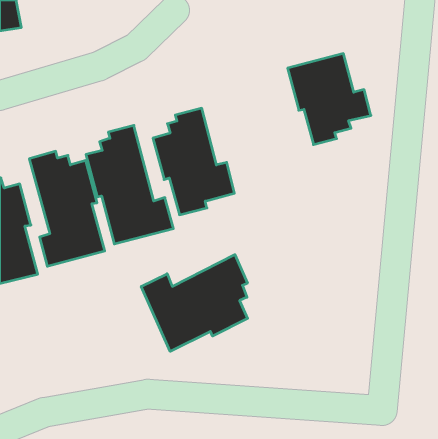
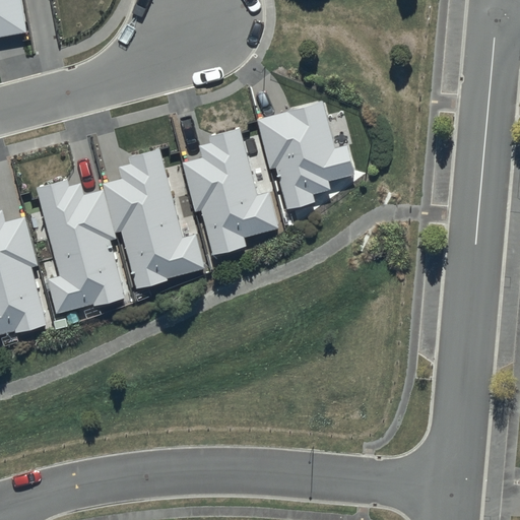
building: [288,54,371,145] -> [256,102,354,209]
building: [141,255,248,351] -> none

